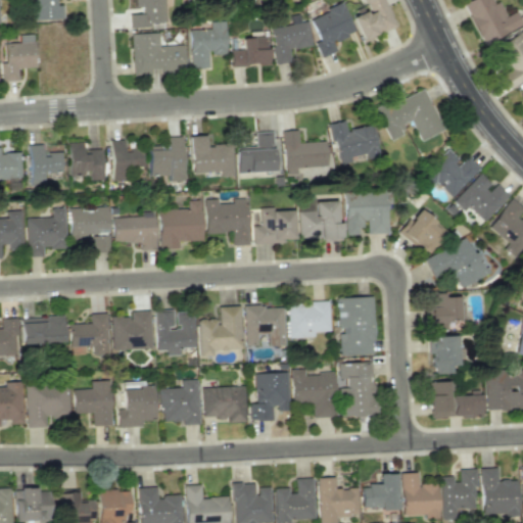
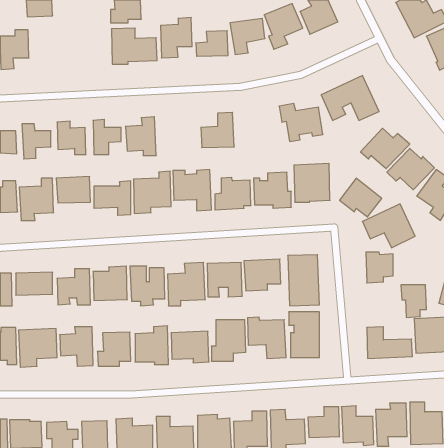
building: [285,131,330,175] -> none
building: [193,136,236,178] -> none
building: [431,337,461,375] -> [401,285,426,317]

